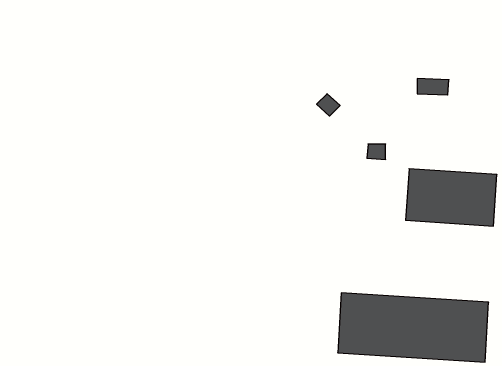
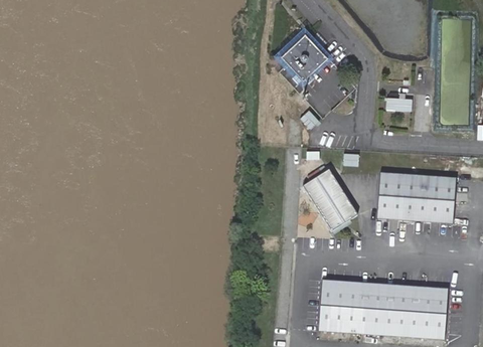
building: none -> [282,32,327,77]
building: none -> [303,168,356,229]

